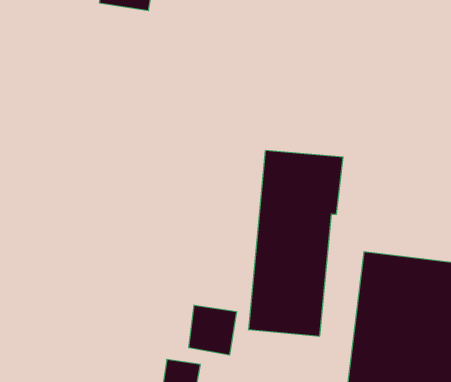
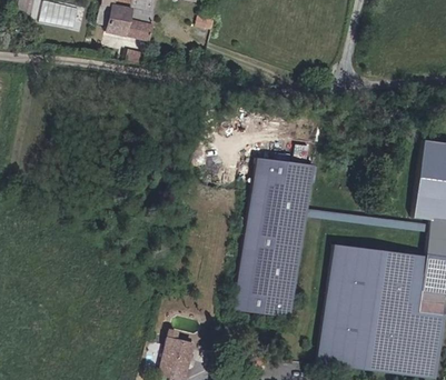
building: [189,305,236,355] -> none

